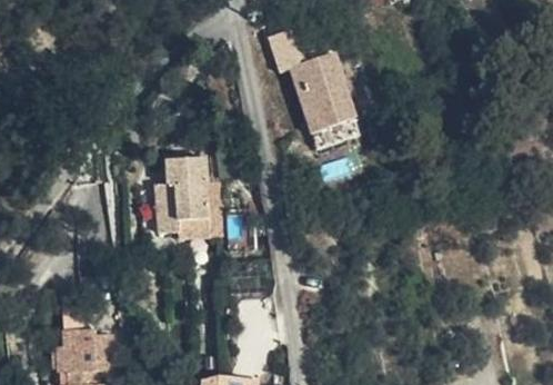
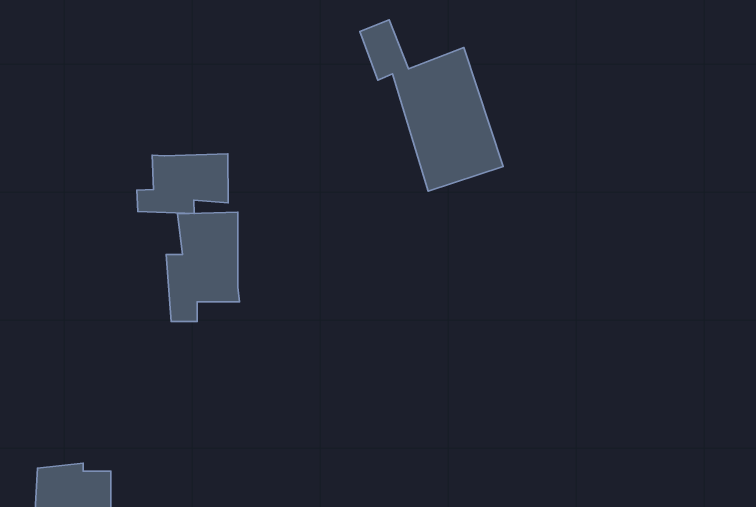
building: none -> [137,154,228,213]
building: [170,206,212,236] -> none

